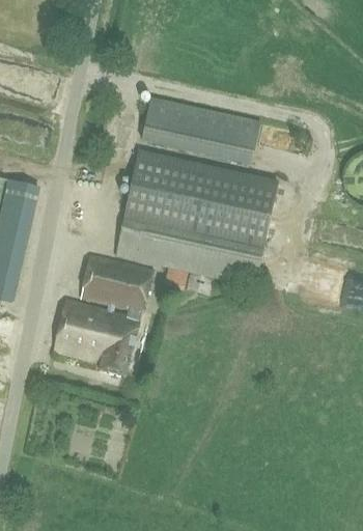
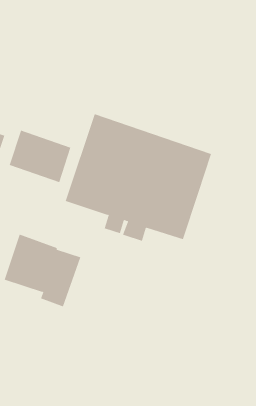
building: [142,93,261,163] -> none
building: [83,253,152,309] -> [9,130,71,183]

